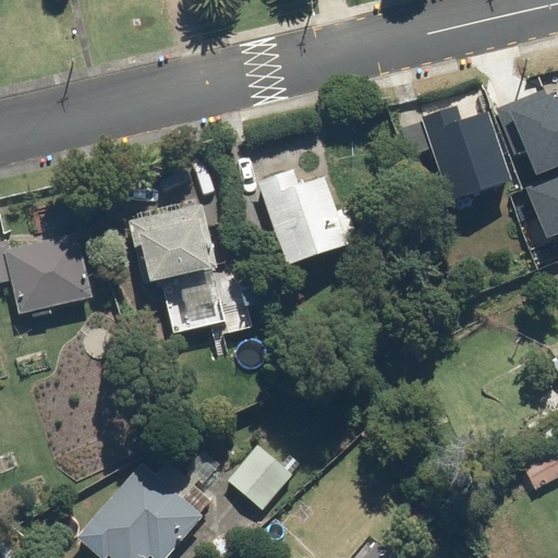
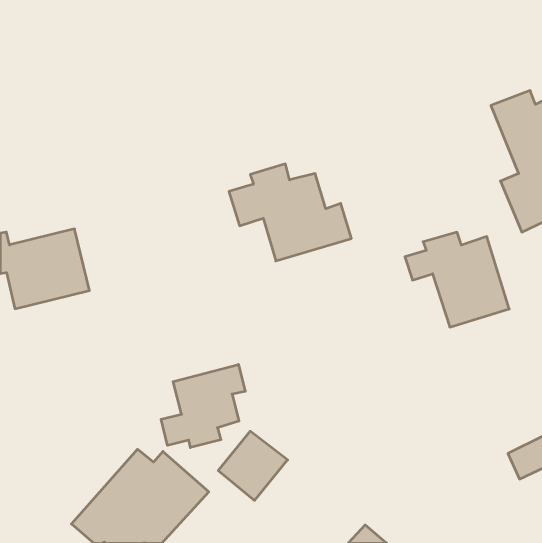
building: [402,108,509,205] -> [405,232,509,327]
building: [126,197,269,336] -> none
building: none -> [161,364,245,448]

